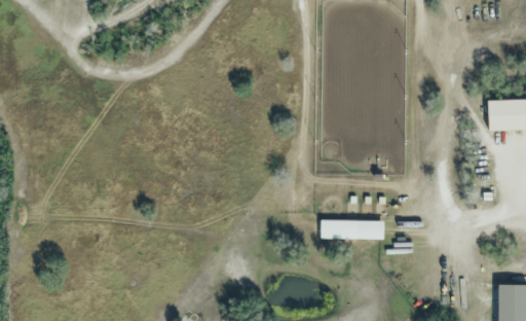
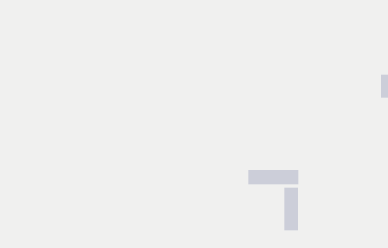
building: none -> [284,187,299,231]

